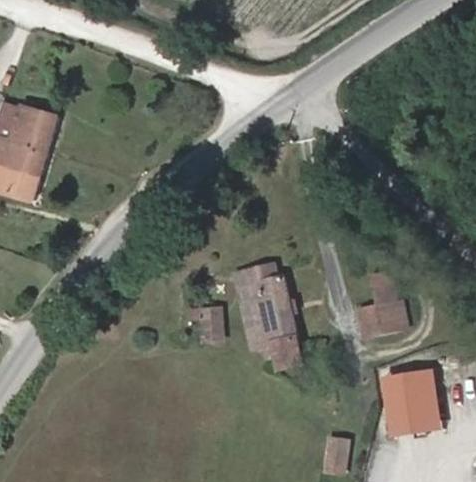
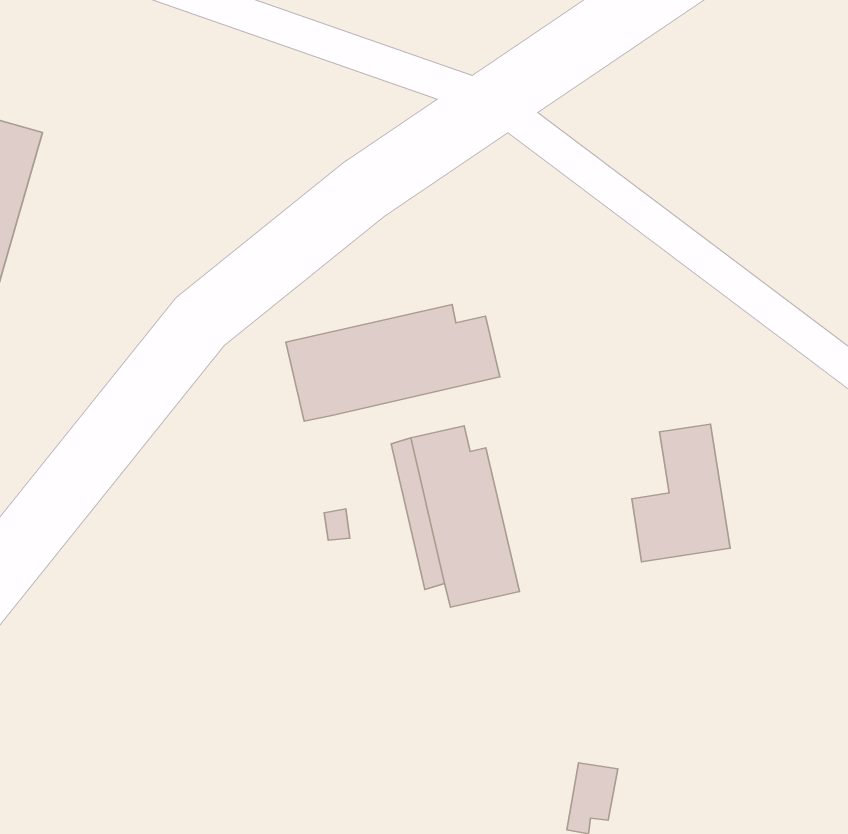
building: none -> [286,305,500,421]
building: [384,368,443,439] -> none

